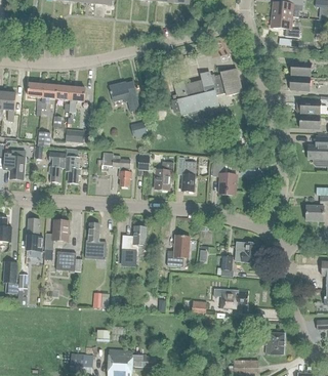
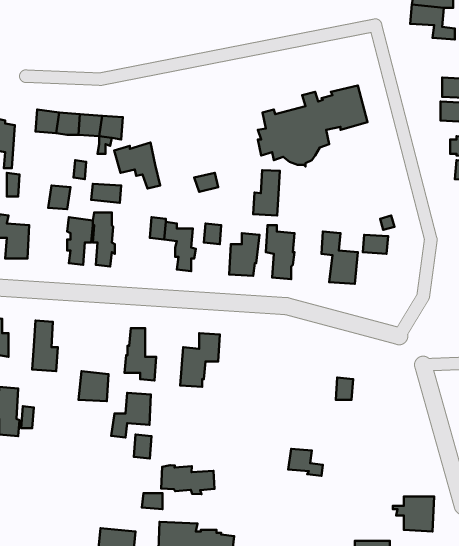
building: [109,81,138,111] -> [114,143,160,189]
building: none -> [253,170,280,215]
building: [43,220,69,249] -> [111,393,151,437]
building: [166,236,189,266] -> none
building: [235,242,256,262] -> none
building: [219,288,248,309] -> none
building: none -> [161,465,214,494]

